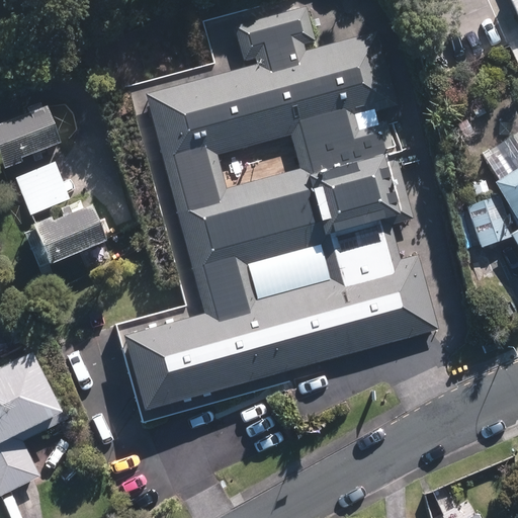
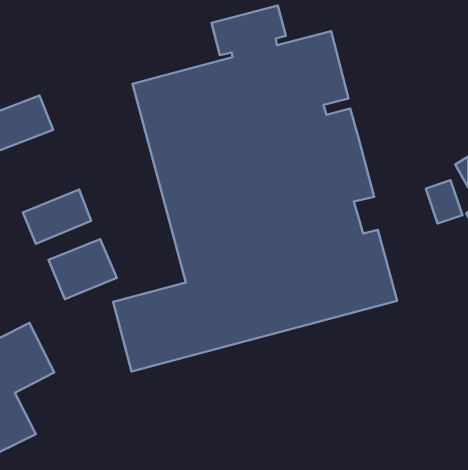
building: [15,166,65,214] -> none
building: none -> [49,239,117,299]

